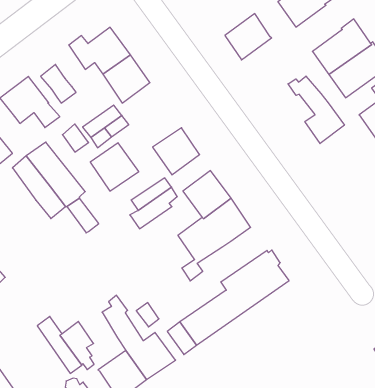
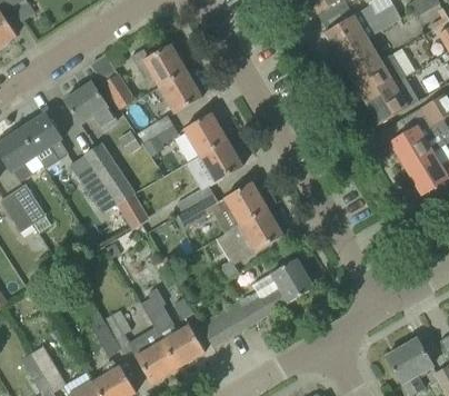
building: [225,14,272,60] -> [338,39,380,80]
building: [288,76,344,144] -> none
building: [90,143,139,191] -> [183,112,227,156]

